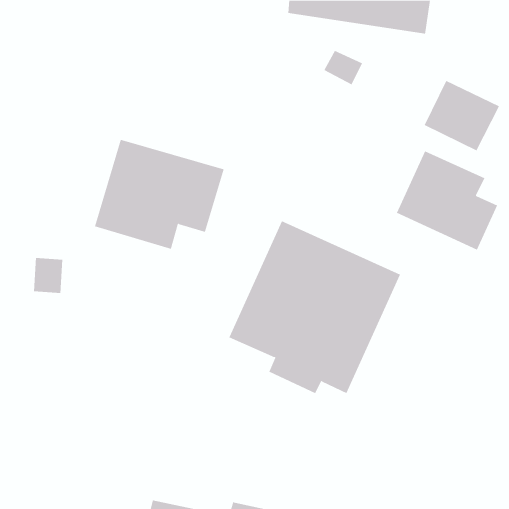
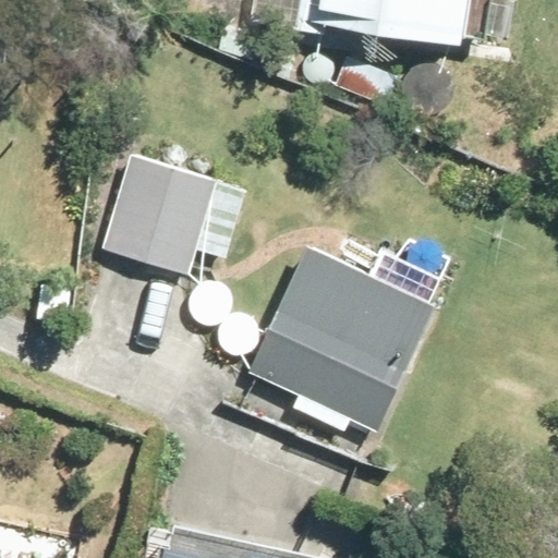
building: [396,150,498,251] -> none

